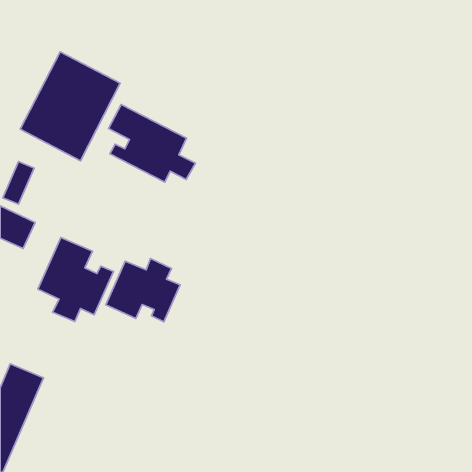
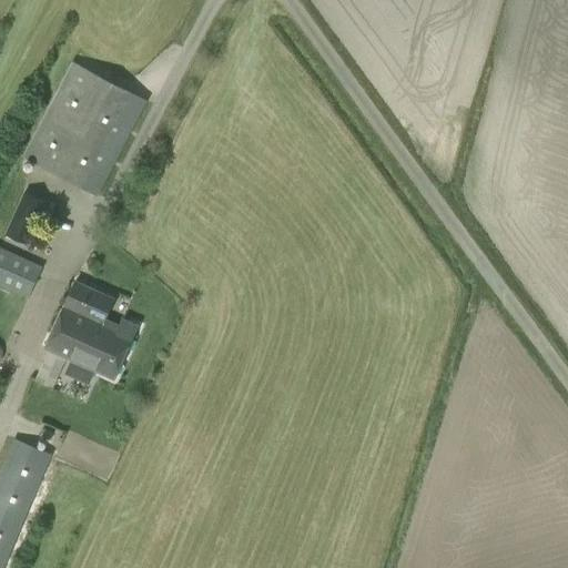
building: [109,105,196,182] -> none
building: [106,258,180,322] -> none

